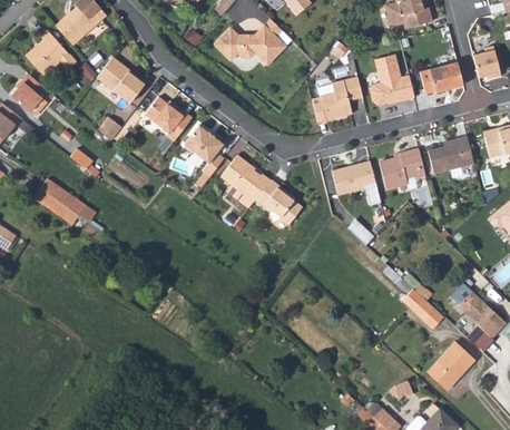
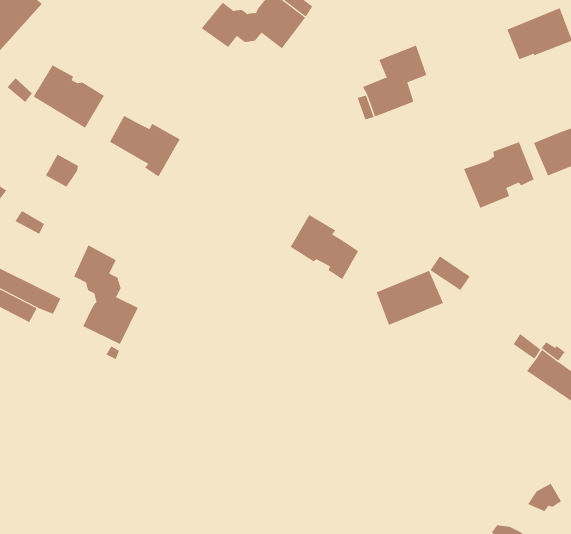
building: [369,53,414,105] -> none
building: [184,121,224,174] -> none
building: [220,153,271,207] -> none
building: [331,160,375,194] -> [376,270,444,326]
building: none -> [74,245,139,345]

